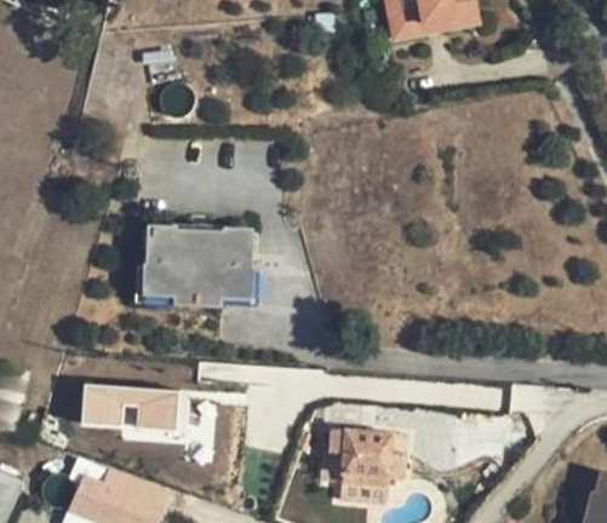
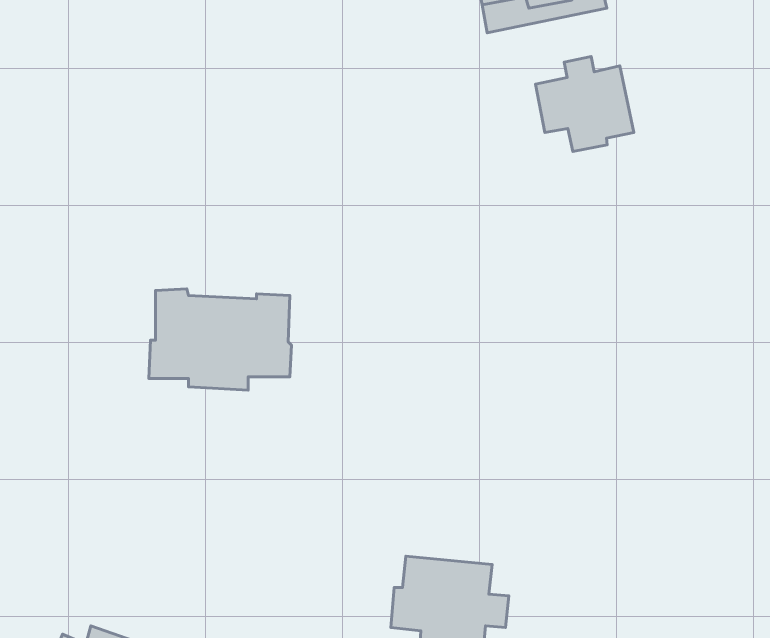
building: none -> [536,56,634,152]
building: [82,379,190,432] -> none

